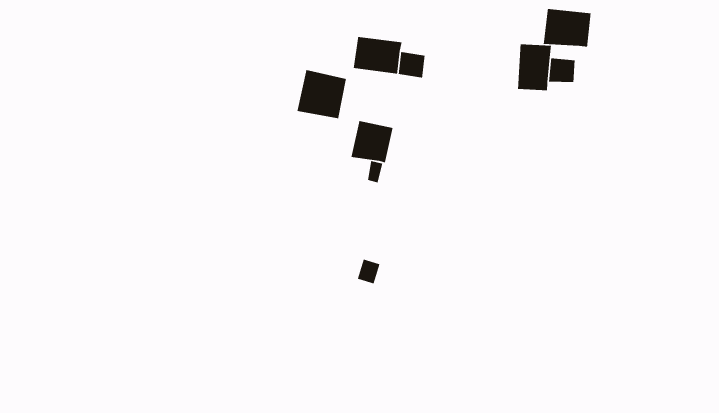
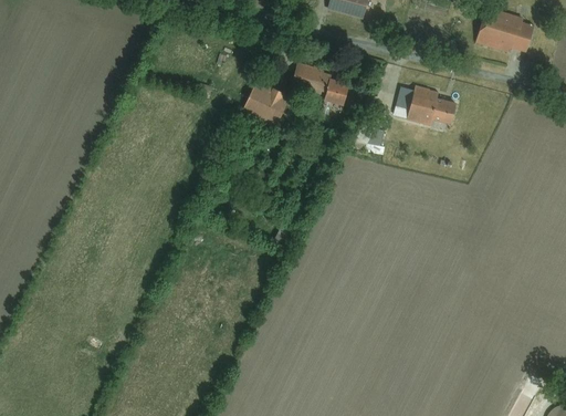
building: [543,8,591,48] -> none
building: [350,120,393,163] -> none

